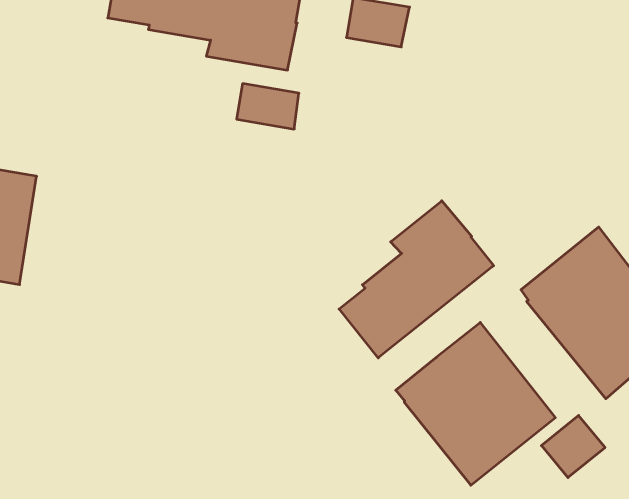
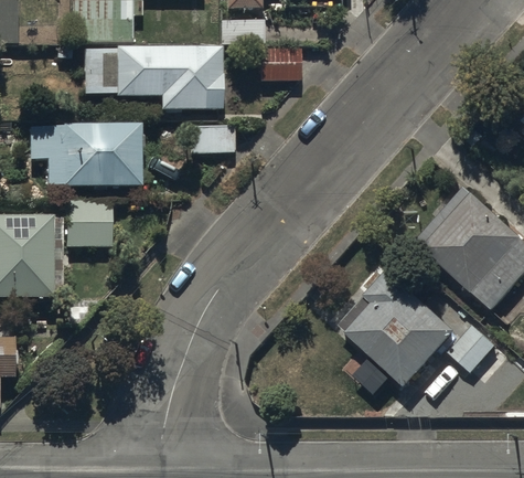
building: none -> [34,125,140,184]
building: none -> [67,198,111,245]
building: [339,201,494,358] -> none

